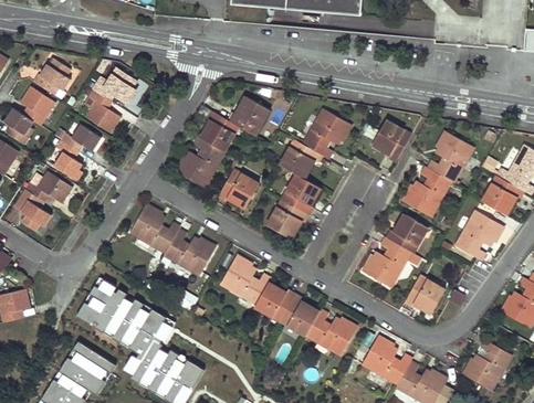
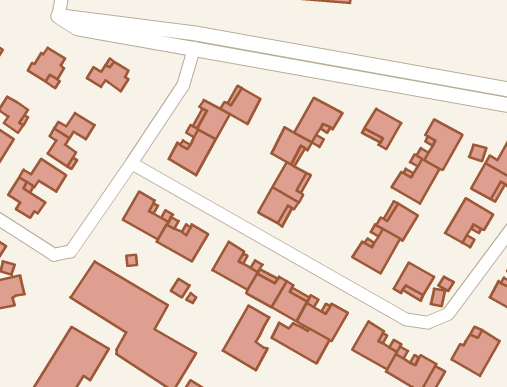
building: [81,85,121,134] -> none
building: [19,86,55,126] -> none
building: [218,169,259,204] -> none
building: none -> [223,306,269,370]
building: none -> [272,323,330,363]

